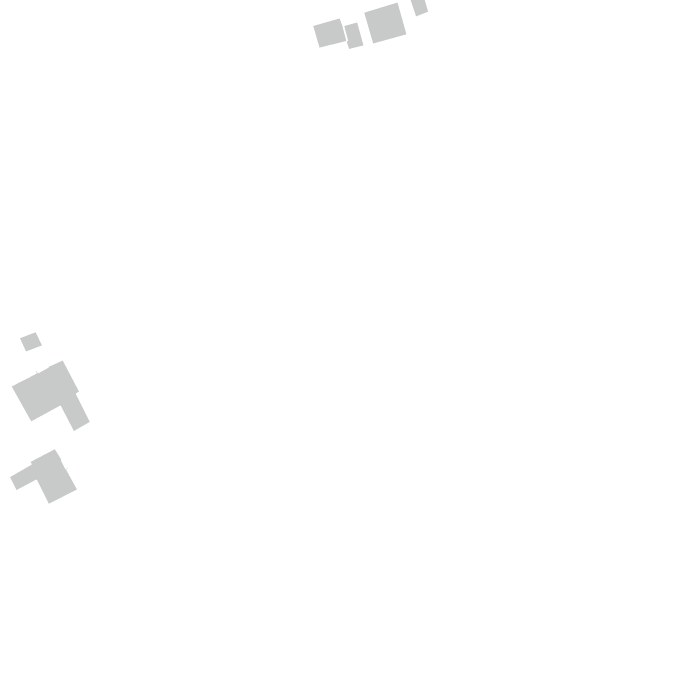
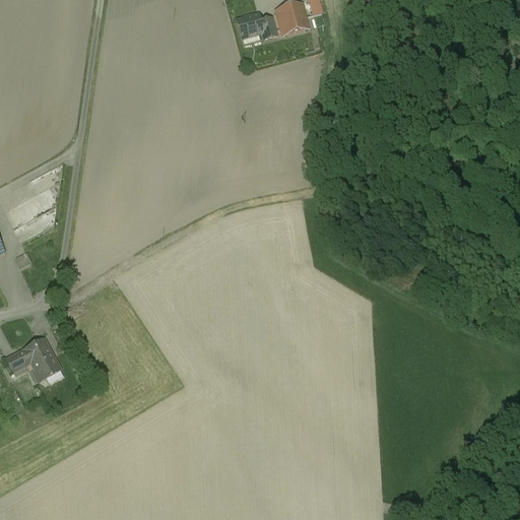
building: [11,360,93,432] -> none

